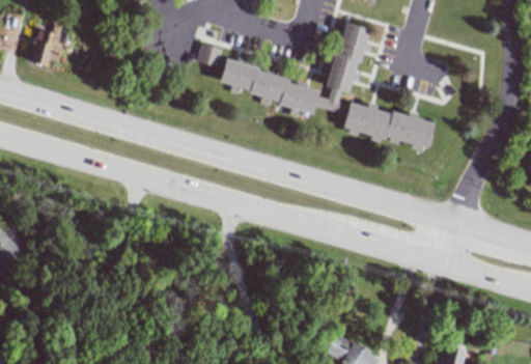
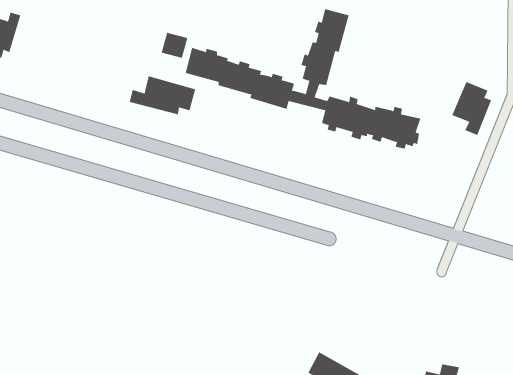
building: none -> [129,76,196,115]
building: none -> [452,81,492,136]

